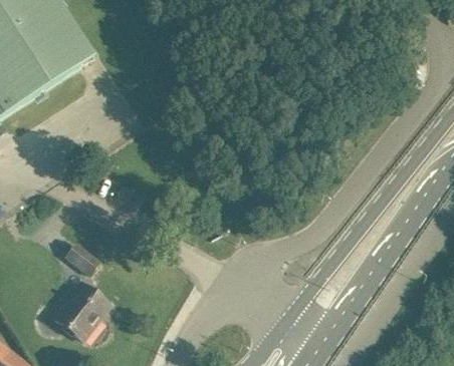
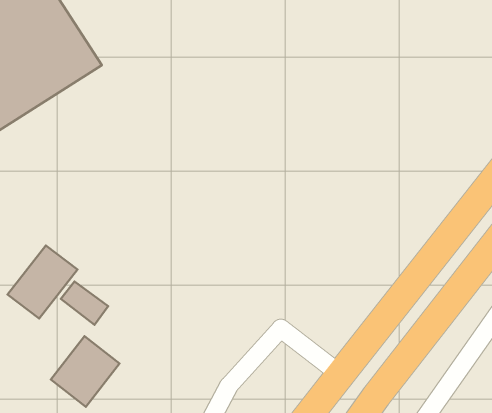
building: none -> [8,245,78,319]

